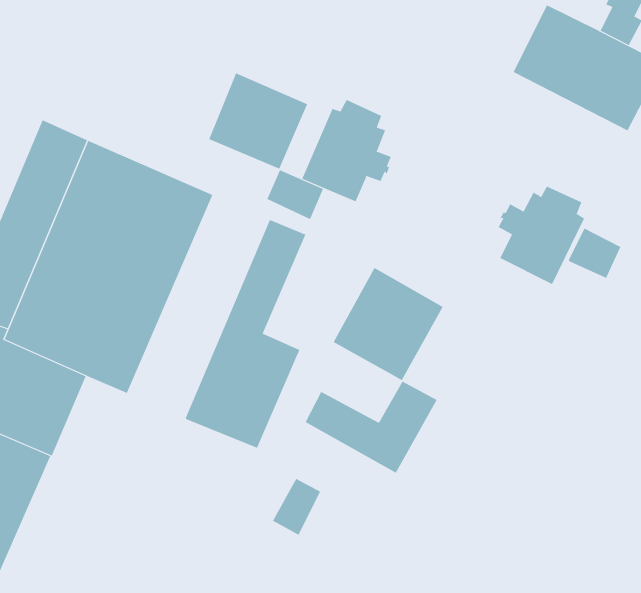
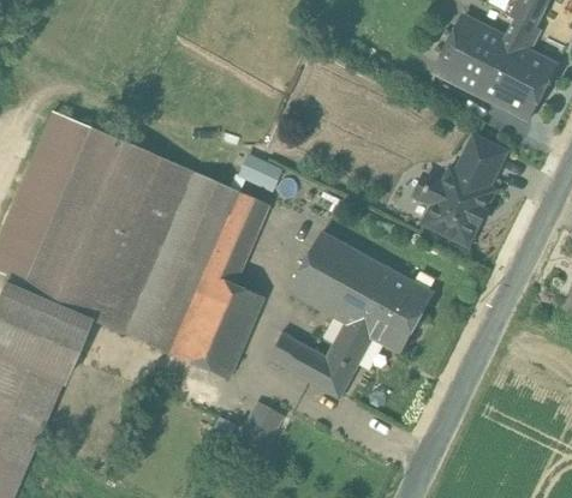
building: [208,72,308,170] -> none
building: [301,99,392,202] -> none
building: none -> [123,172,238,354]
building: [568,228,621,279] -> [463,137,506,179]
building: none -> [346,263,435,353]

